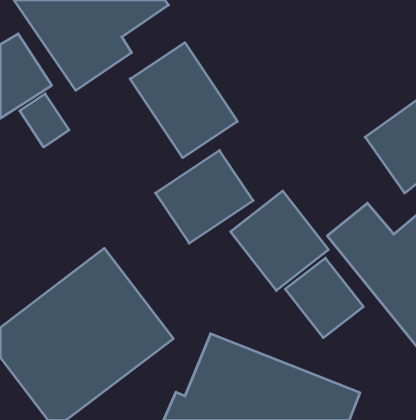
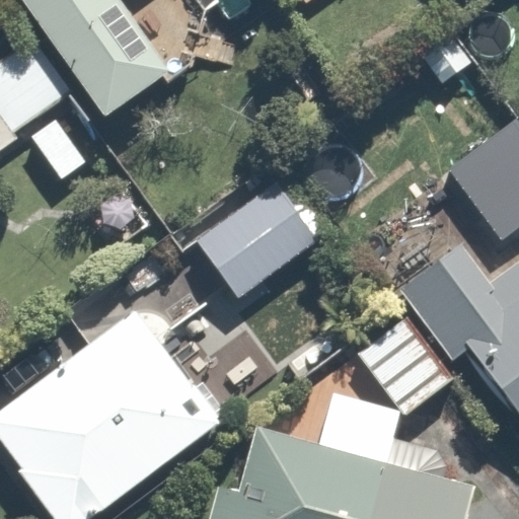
building: [130,43,237,158] -> none
building: [231,191,328,291] -> none

